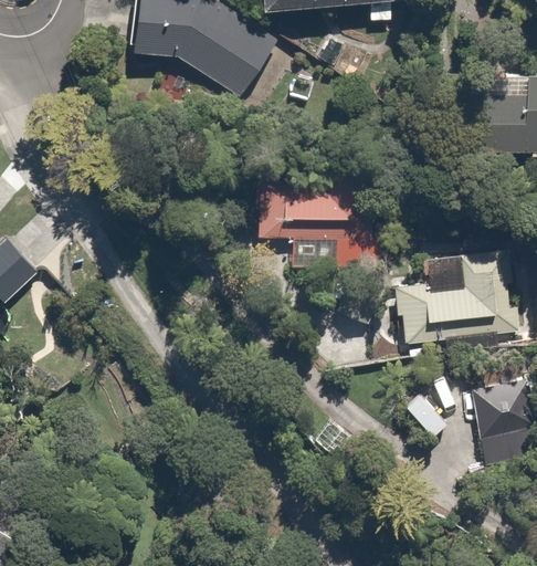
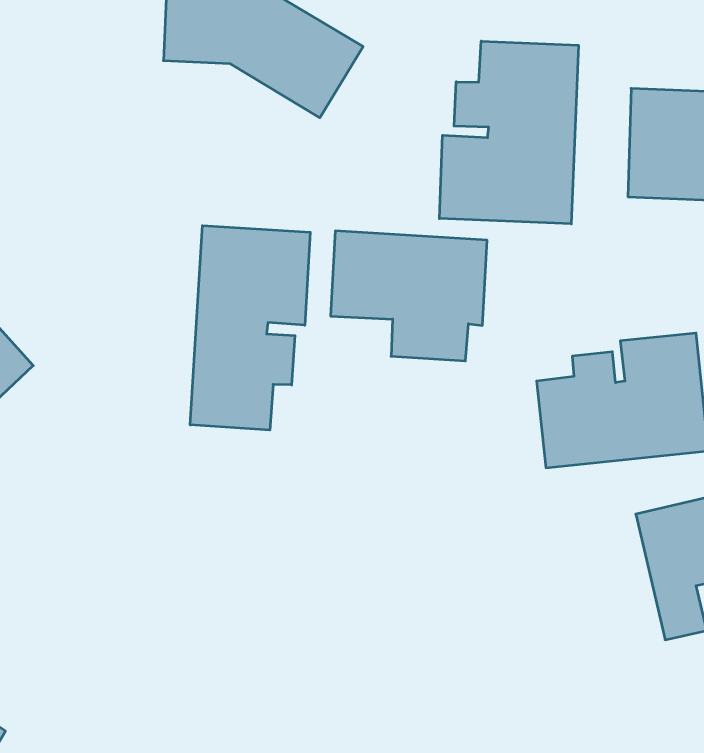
building: none -> [439,41,578,224]
building: none -> [190,226,310,430]

